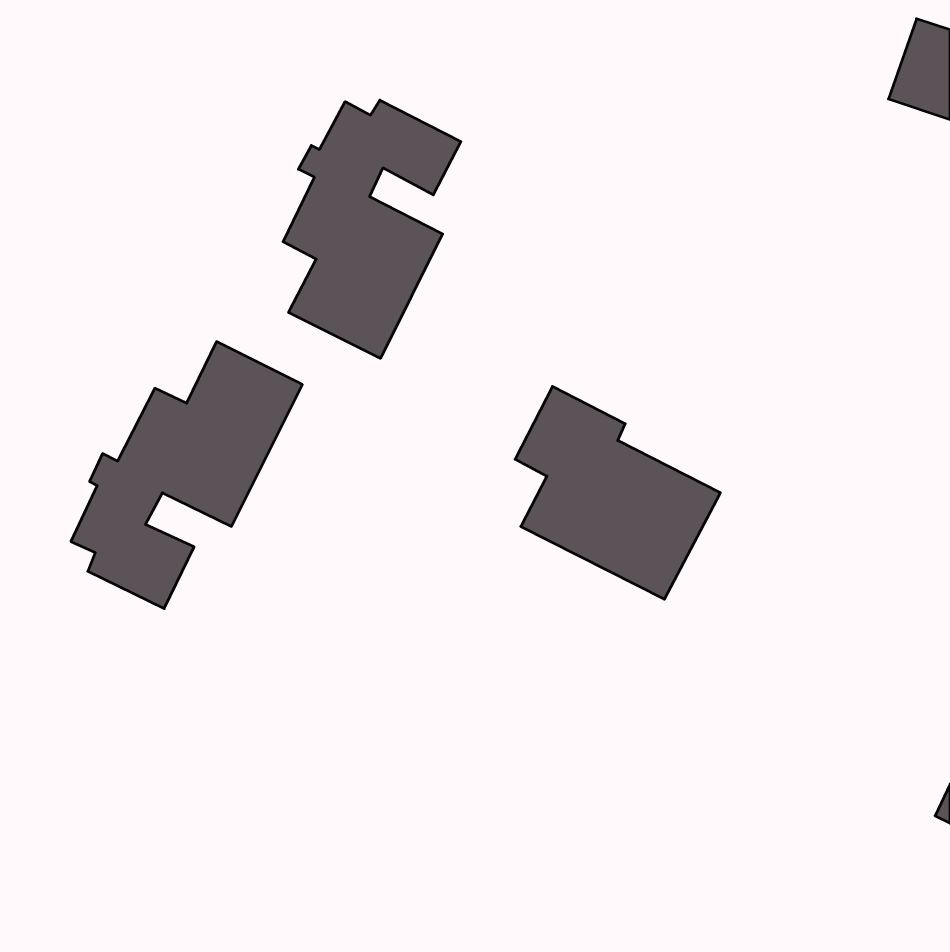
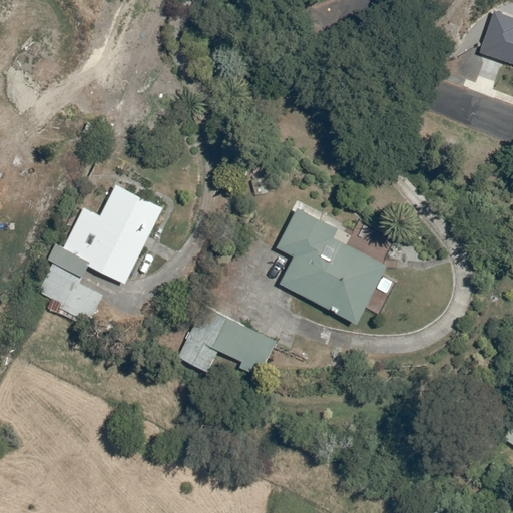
building: [283,100,461,358] -> none
building: none -> [177,306,276,380]

